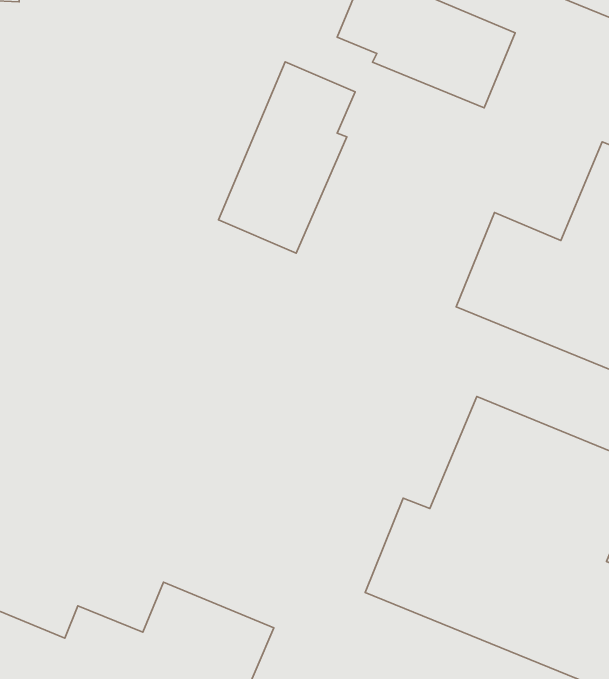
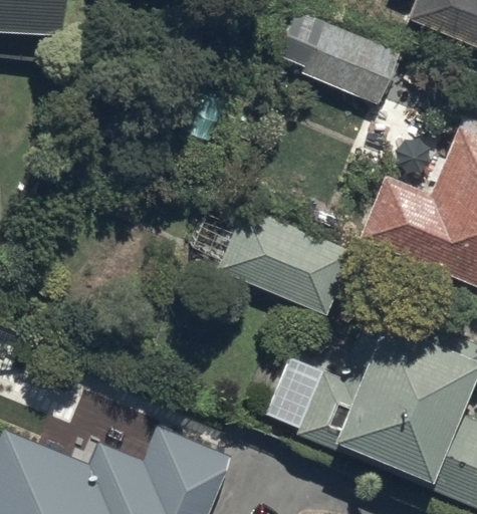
building: [218,62,355,253] -> none
building: none -> [218,206,353,315]

